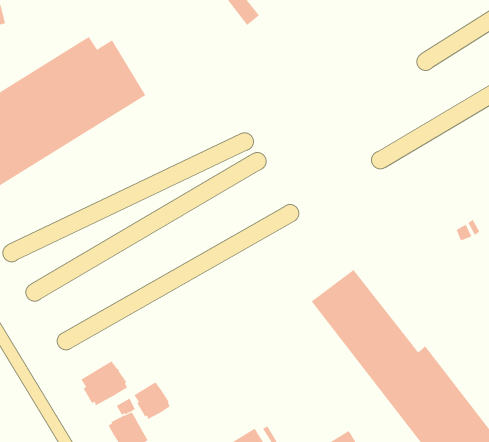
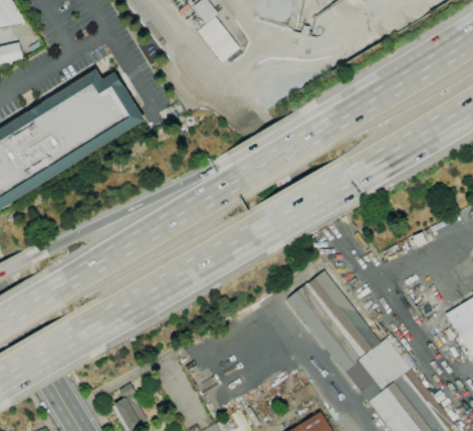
building: [80,360,128,406] -> none
building: [134,381,171,420] -> none

